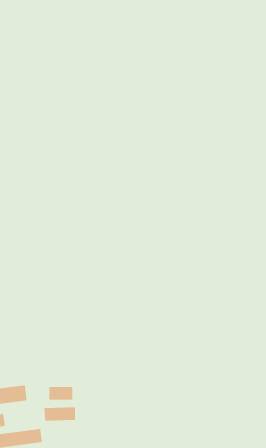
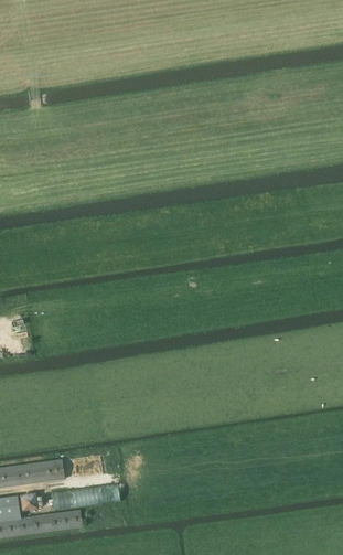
building: [49,386,73,400] -> [54,490,83,506]

